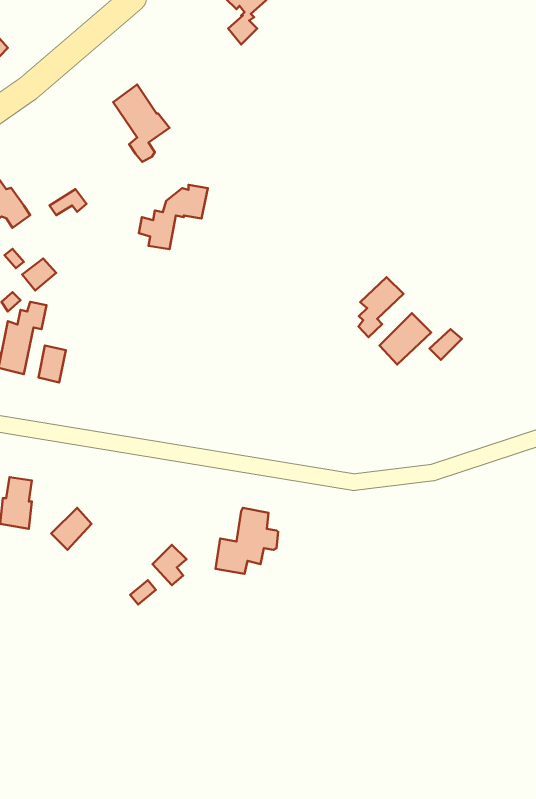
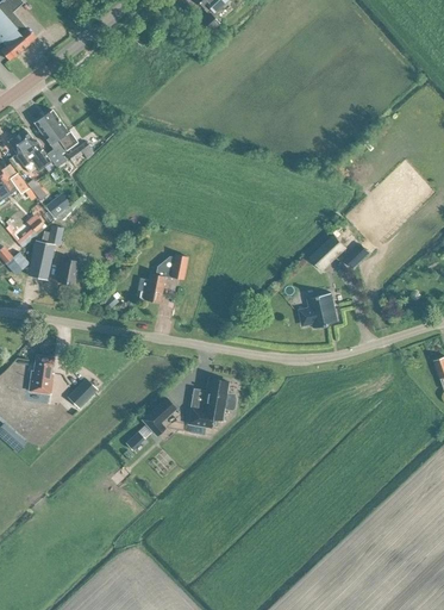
building: [113,84,169,162] -> [35,110,76,167]
building: [139,185,208,249] -> [137,254,188,301]
building: [358,277,403,337] -> none
building: none -> [299,293,337,328]

